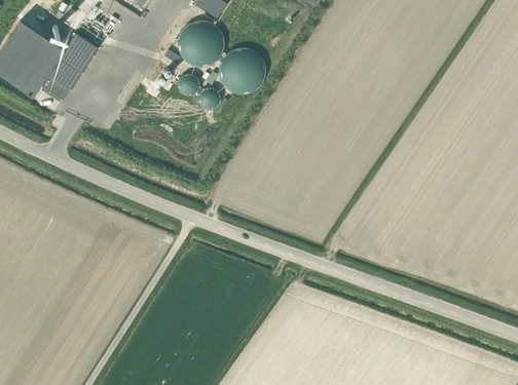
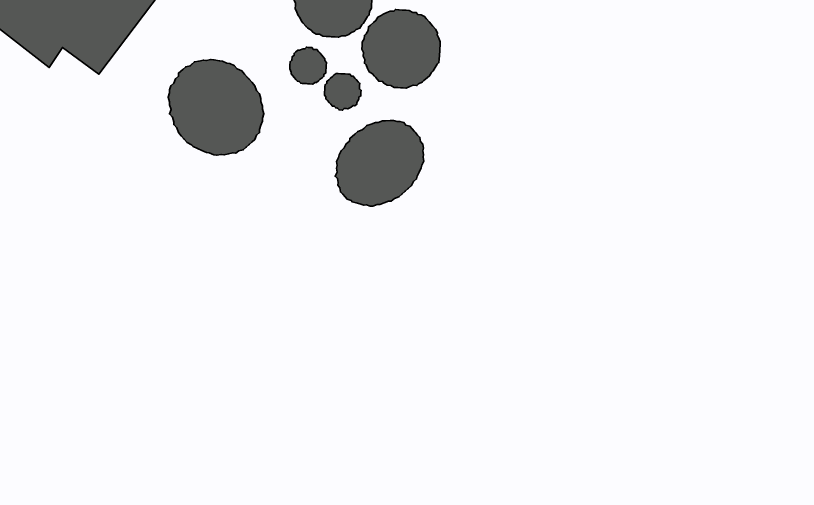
building: none -> [168,60,264,155]
building: none -> [335,120,424,206]

